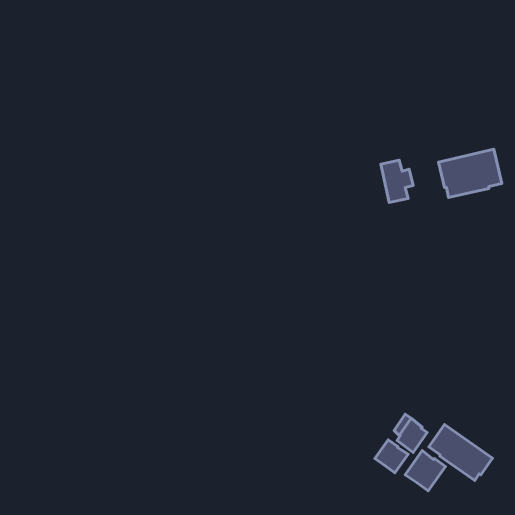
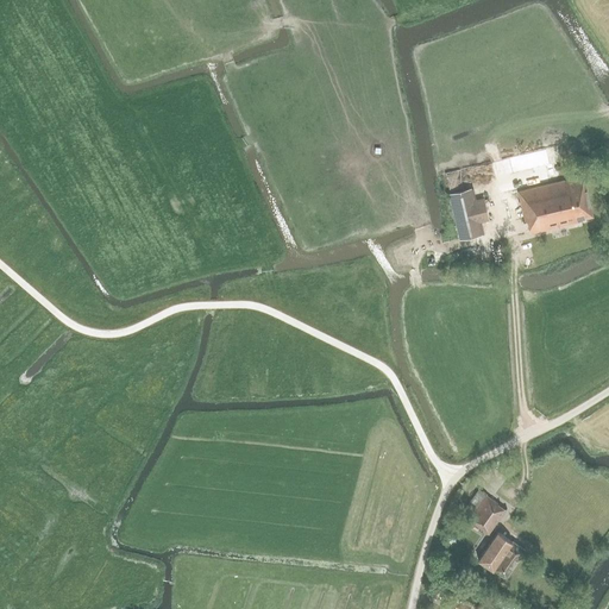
building: [429,424,493,481] -> none
building: [375,440,408,473] -> none

